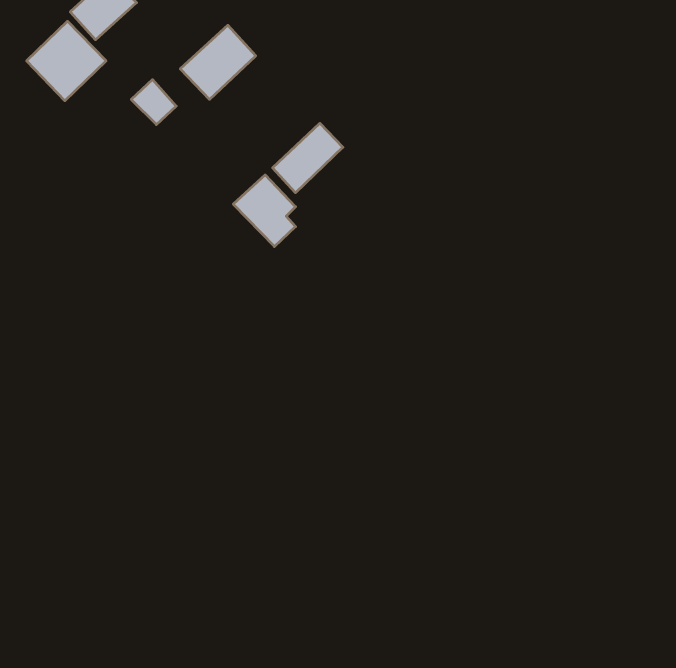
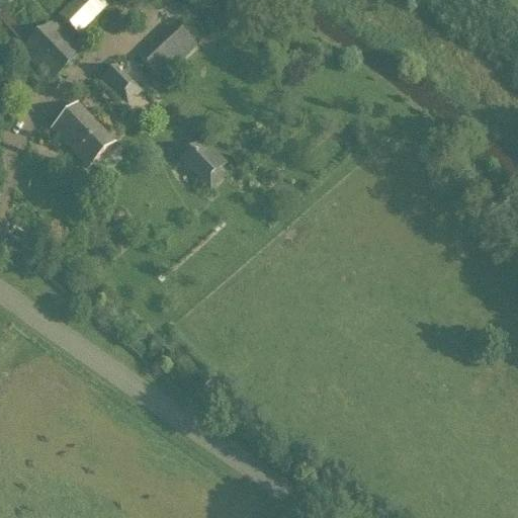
building: [273,123,343,193] -> none
building: none -> [52,100,113,163]

